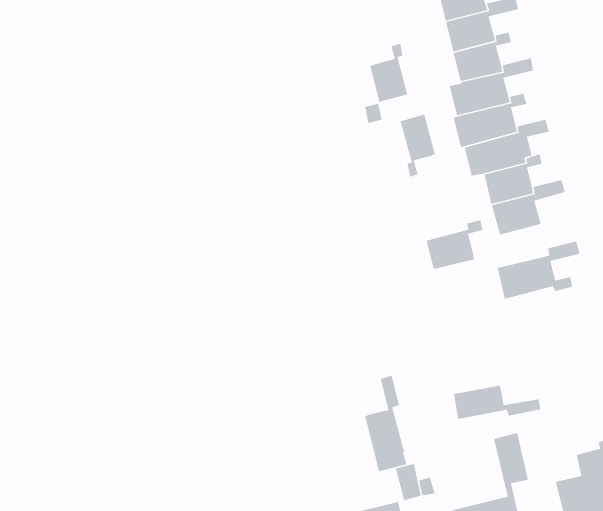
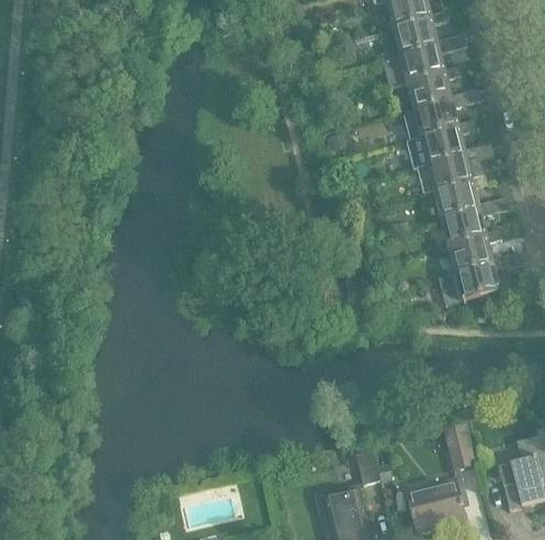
building: [369,43,408,103] -> none
building: [399,114,436,178] -> none
building: [426,219,483,270] -> [450,227,501,272]
building: [364,375,407,472] -> none
building: [453,385,541,420] -> none

